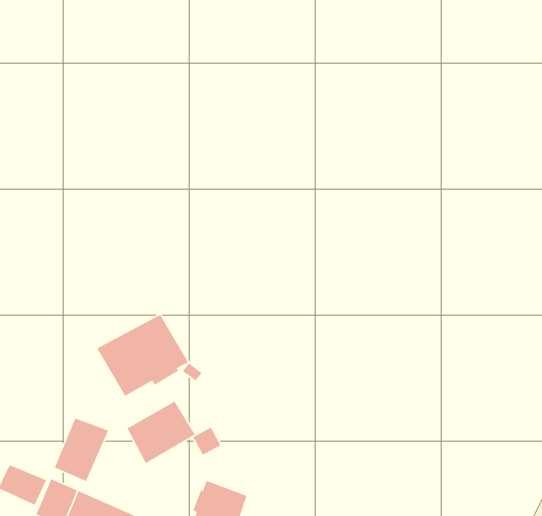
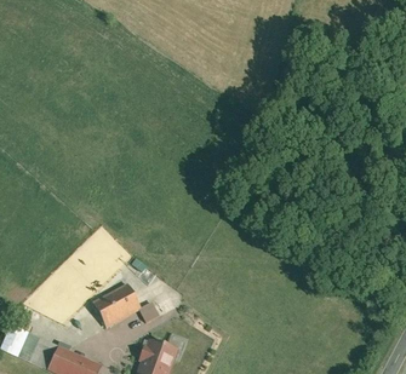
building: [96,314,189,397] -> none
building: [54,418,109,482] -> none

